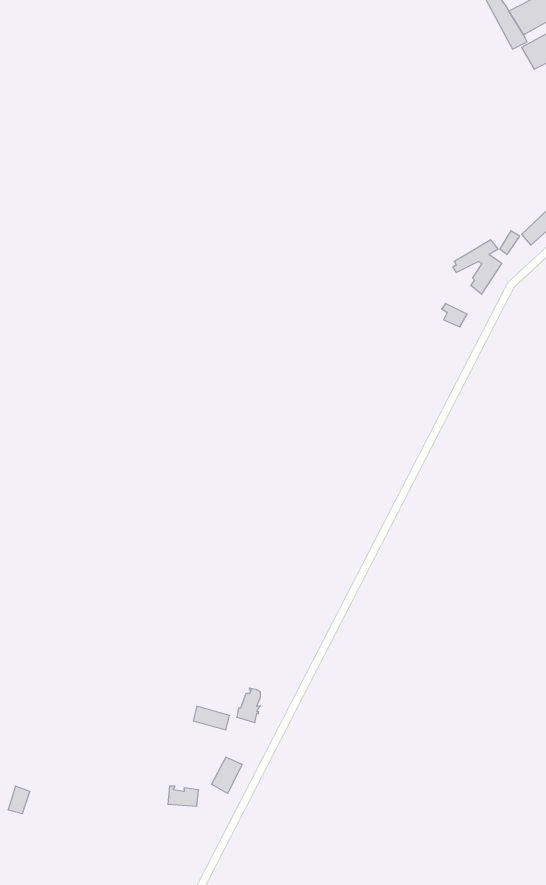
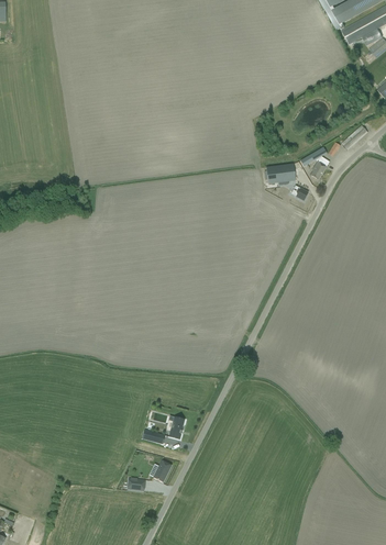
building: none -> [266,163,295,182]

